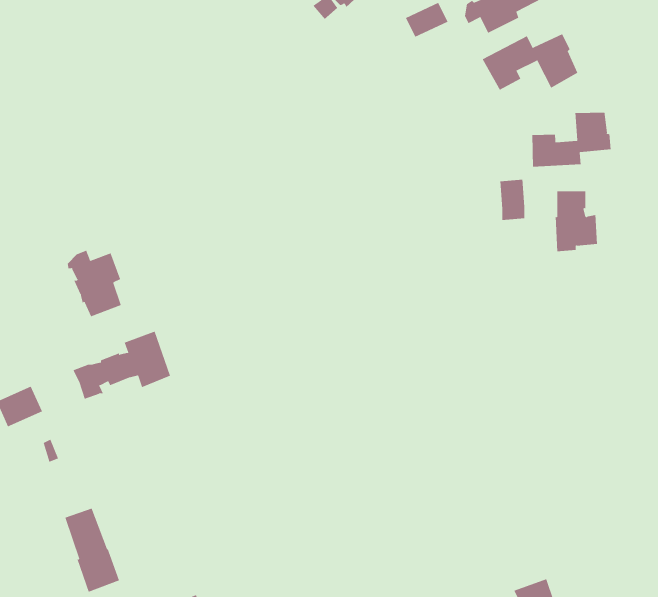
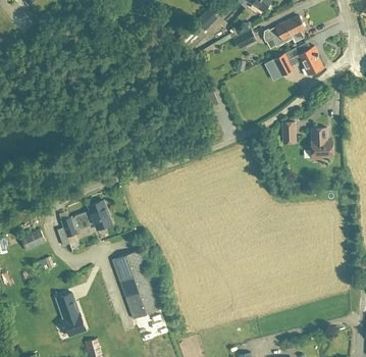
building: [532,112,611,167] -> none
building: [67,250,121,317] -> none
building: none -> [113,251,160,318]

